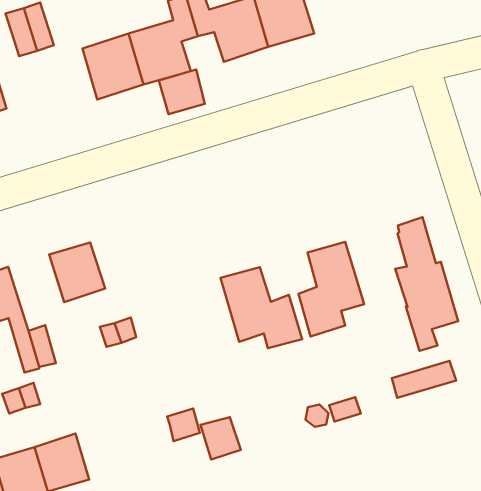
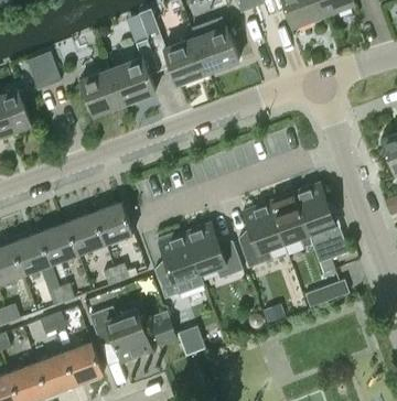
building: [159,70,205,114] -> none
building: none -> [268,188,313,248]
building: none -> [94,202,133,243]
building: none -> [39,223,78,264]
building: none -> [154,231,204,299]
building: none -> [89,306,152,362]

